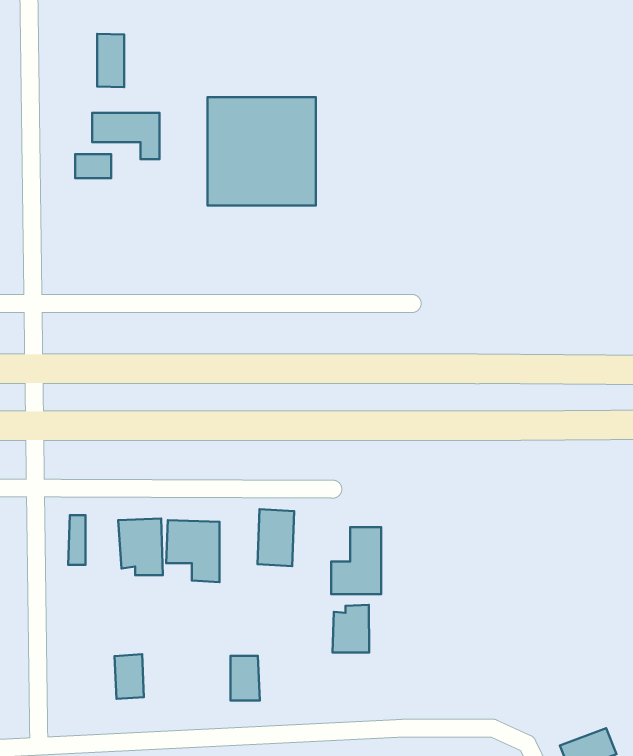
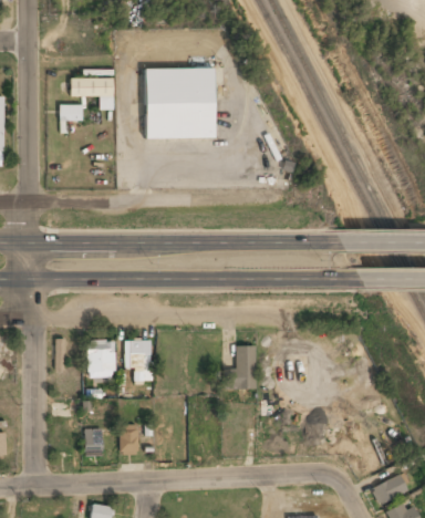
building: [97,34,124,87] -> none
building: [258,509,294,566] -> none
building: [333,605,369,652] -> none
building: [230,656,260,701] -> [121,424,139,453]

